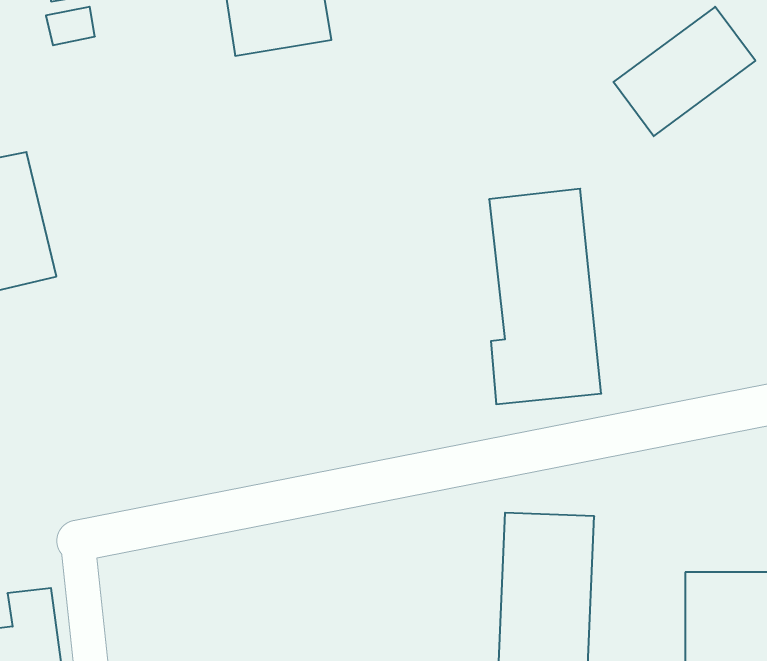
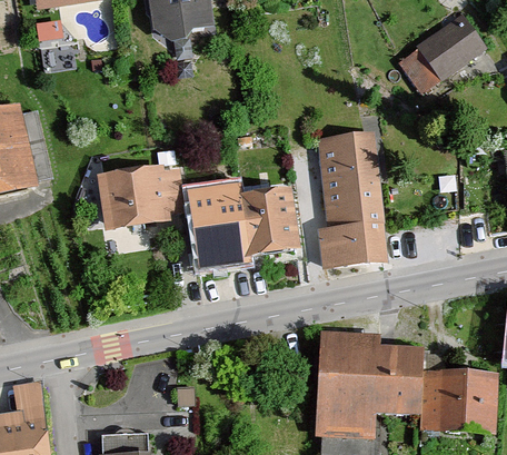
building: none -> [97,162,188,231]
building: none -> [190,181,305,273]
building: none -> [380,348,426,417]

